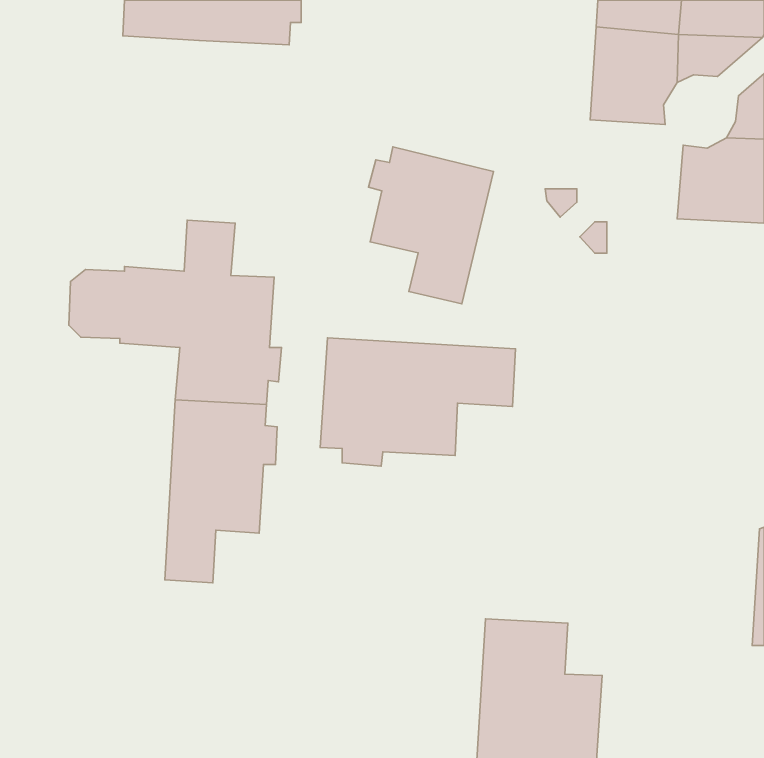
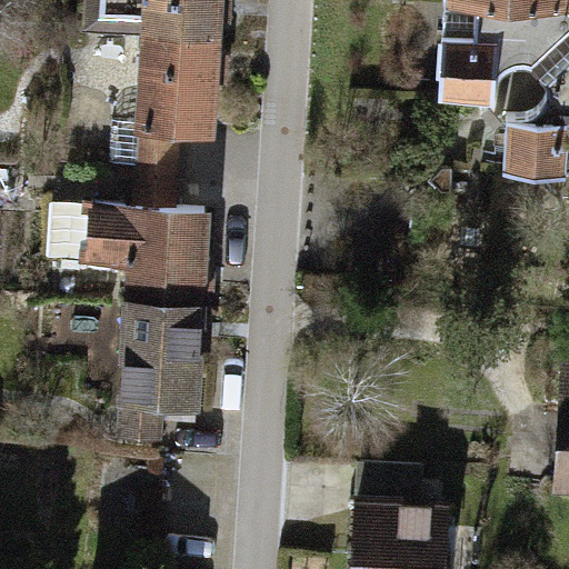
building: none -> [110,36,221,171]
building: [369,147,494,304] -> none
building: [320,338,516,466] -> none

